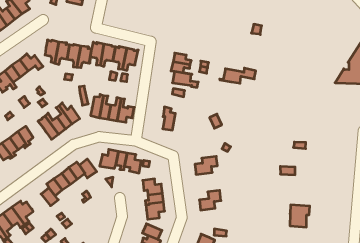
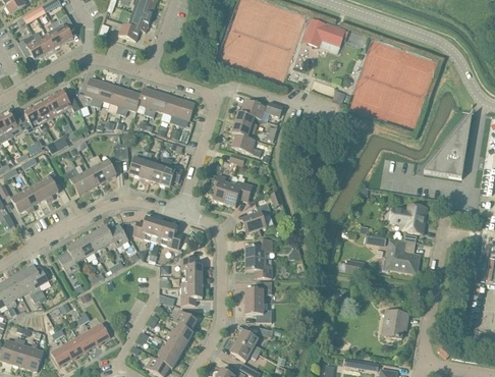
building: [220,68,256,83] -> [238,100,282,119]
building: none -> [224,175,253,207]
building: none -> [391,205,427,233]
building: none -> [241,203,271,232]
building: none -> [382,239,420,273]
building: none -> [245,259,272,277]
building: [290,205,310,227] -> [382,310,408,338]
building: none -> [245,302,272,322]

